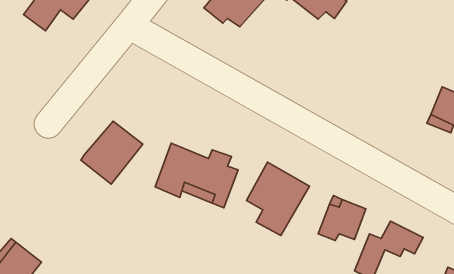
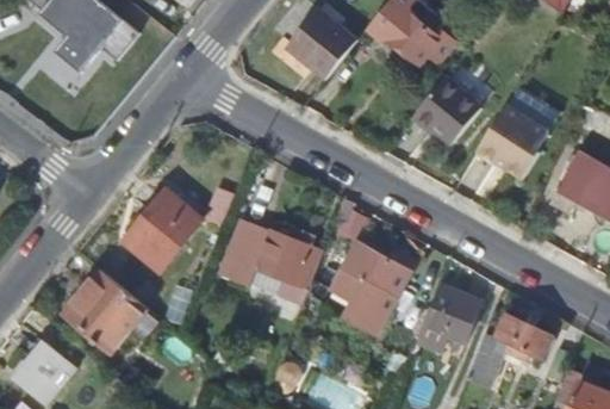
building: none -> [417,72,484,138]
building: none -> [475,103,547,176]
building: none -> [63,269,145,352]

